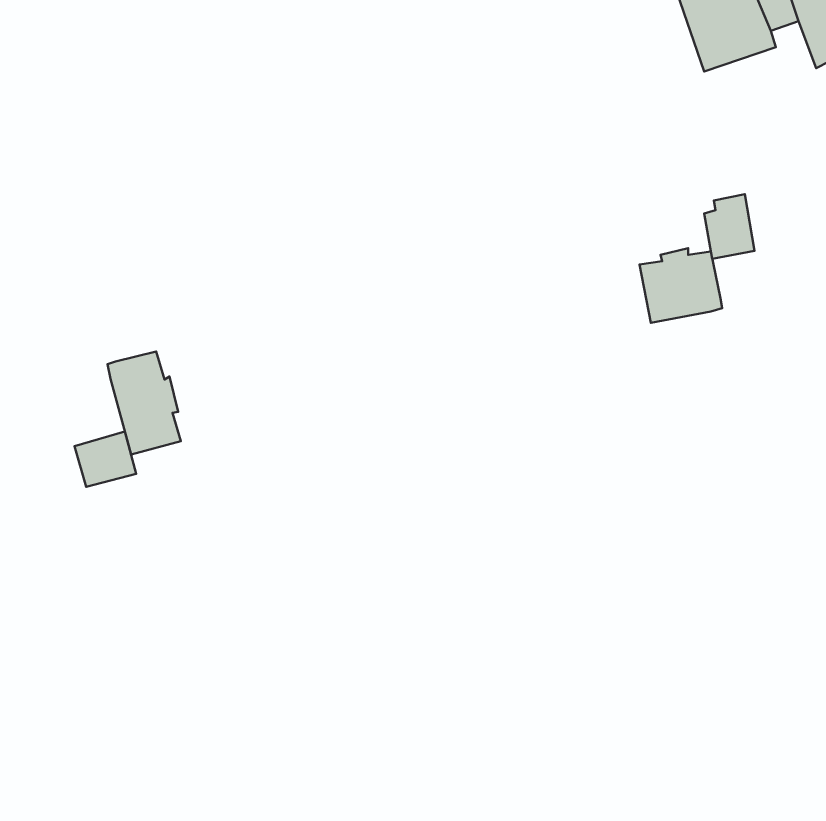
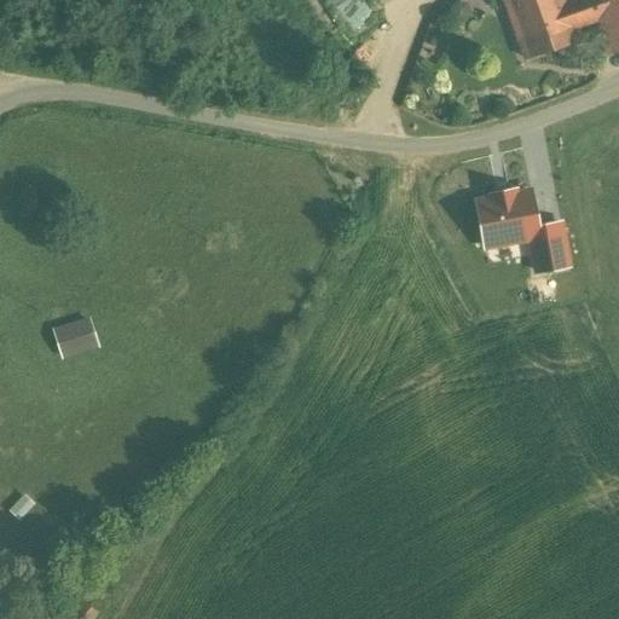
building: [704,194,755,259] -> [532,218,569,266]
building: [107,351,181,455] -> none

